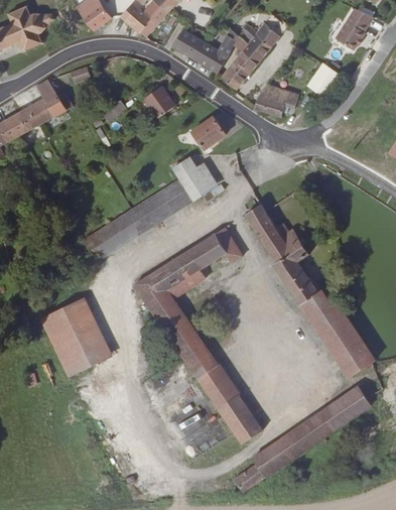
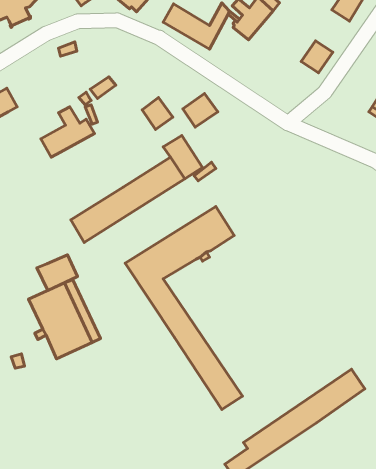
building: [222,51,256,89] -> none
building: [19,80,72,129] -> [41,107,94,157]
building: [253,84,298,116] -> none
building: [144,86,174,117] -> [142,98,173,130]
building: [245,204,374,378] -> none
building: none -> [37,255,77,290]
building: [230,412,261,443] -> none

